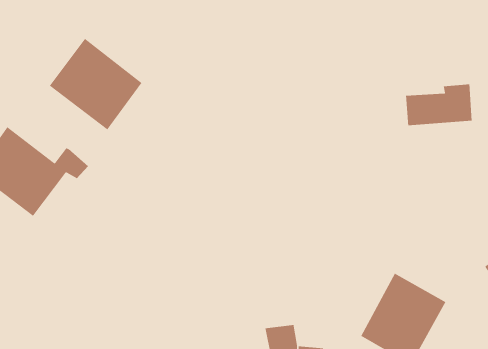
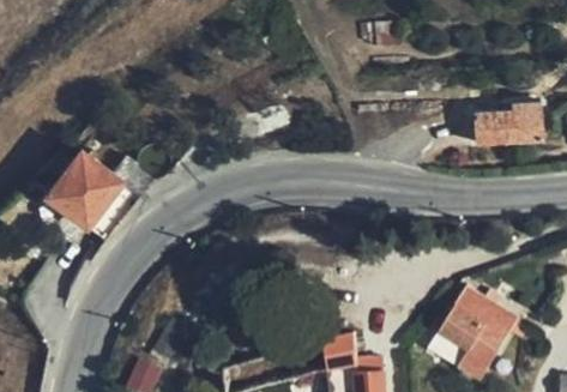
building: [49,38,142,131] -> none

